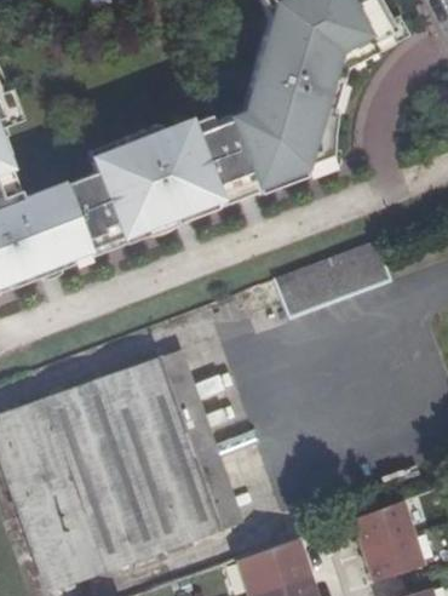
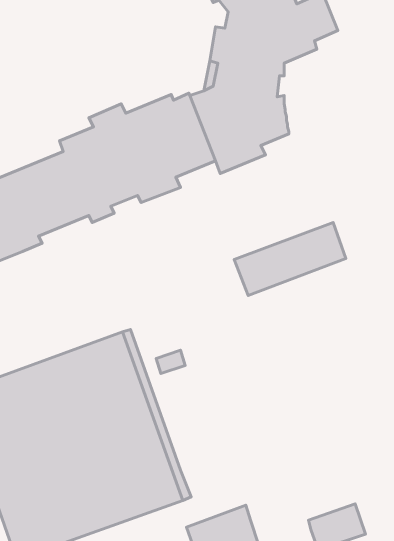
building: [344,500,404,552] -> none

